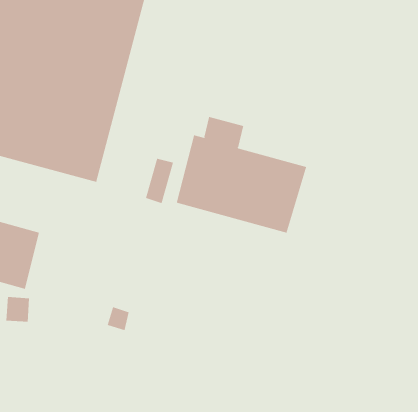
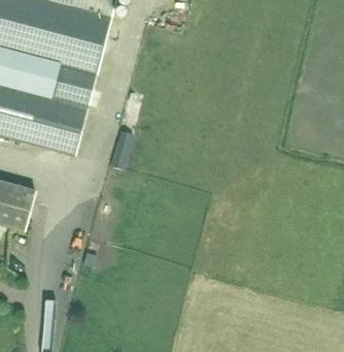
building: [176,116,307,234] -> none

